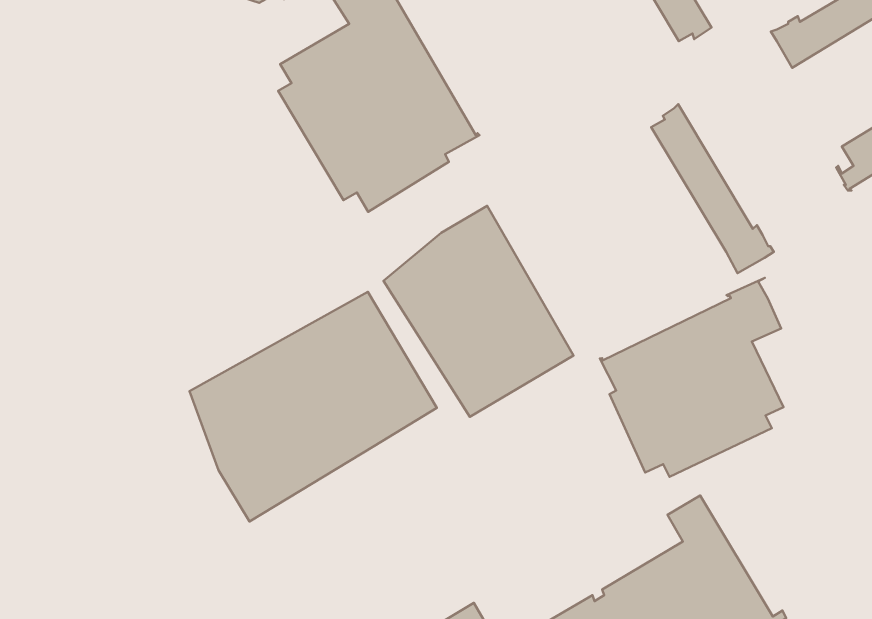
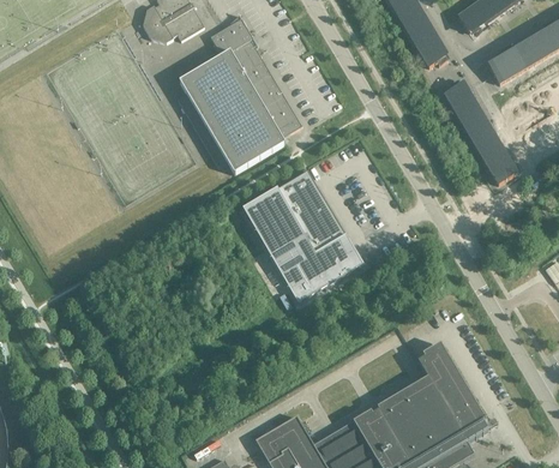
building: [651,104,774,273] -> [444,76,521,181]
building: [600,278,784,477] -> none
building: [189,292,437,521] -> none

